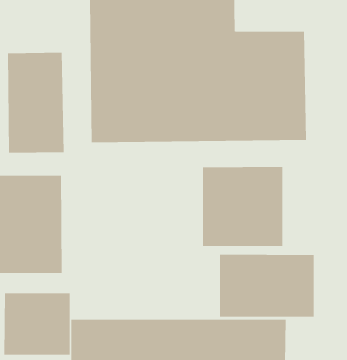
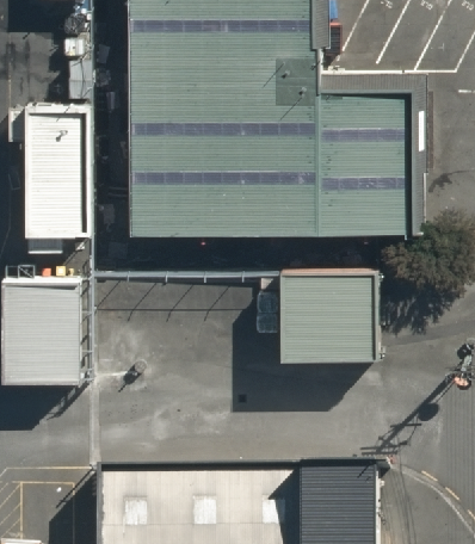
building: [220,254,314,317] -> none
building: [4,293,70,355] -> none

